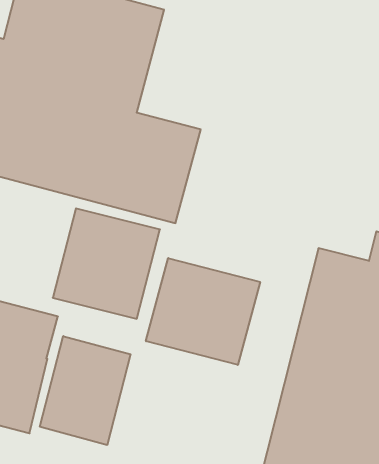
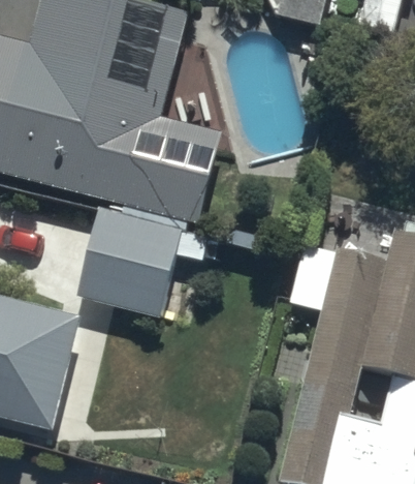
building: [146,258,260,365] -> none
building: [40,336,131,445] -> none

